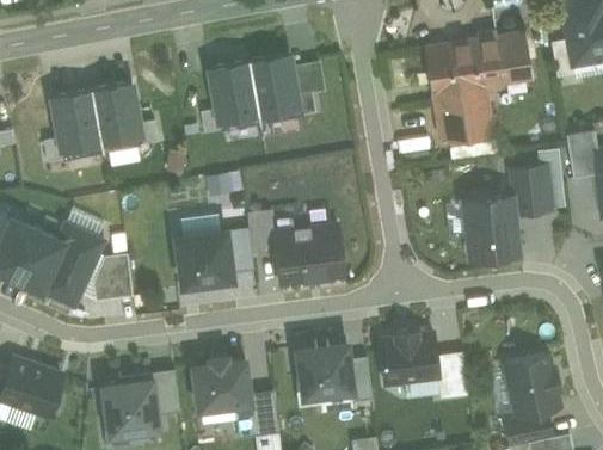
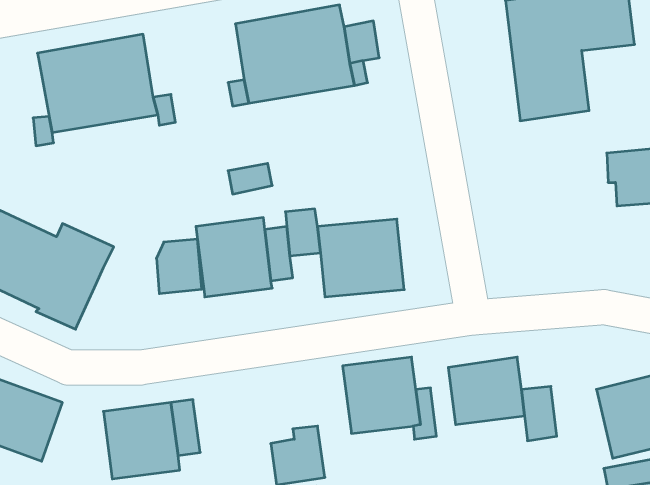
building: [461,195,522,263] -> none
building: [93,261,130,306] -> [156,239,202,294]
building: [190,356,254,412] -> none

